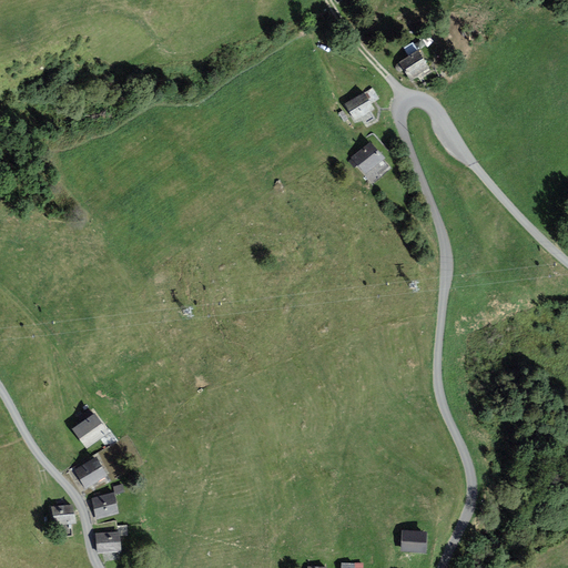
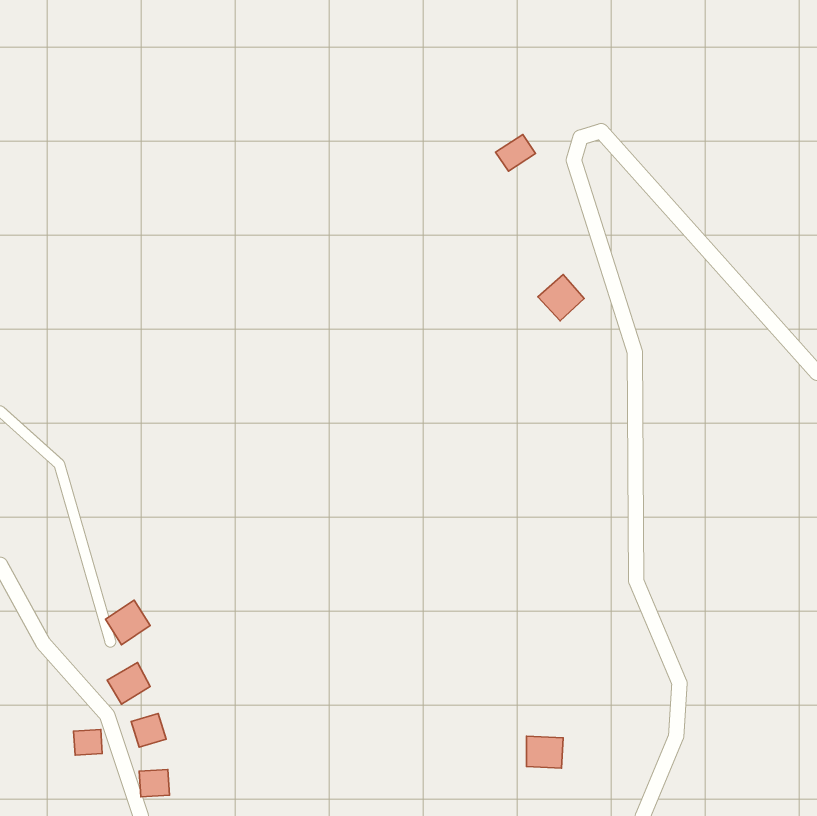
building: [400,51,429,81] -> none
building: [351,143,383,175] -> [538,274,584,321]
building: [400,528,426,550] -> [526,736,563,768]

